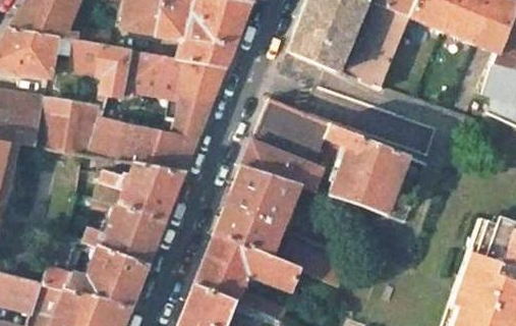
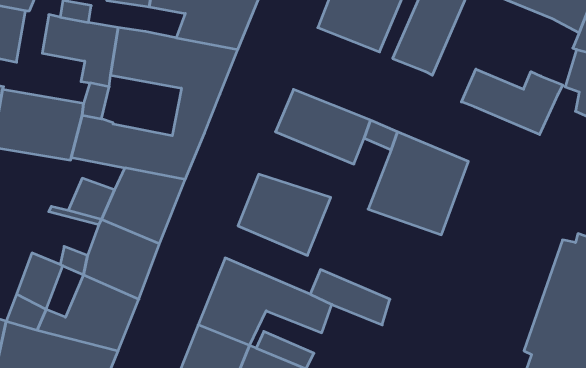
building: none -> [461,69,563,135]
building: [241,141,323,189] -> none
building: [215,208,280,257] -> none

